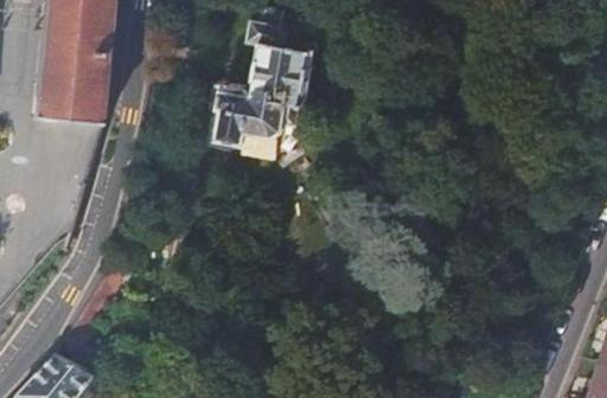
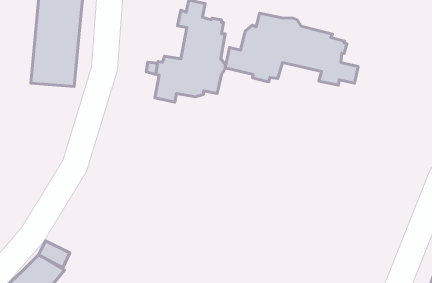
building: none -> [225,13,358,85]

